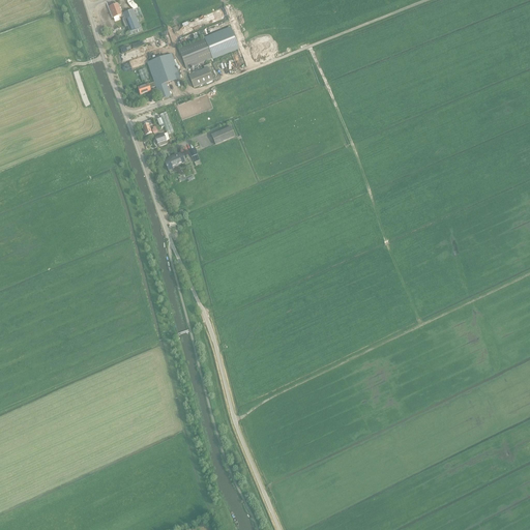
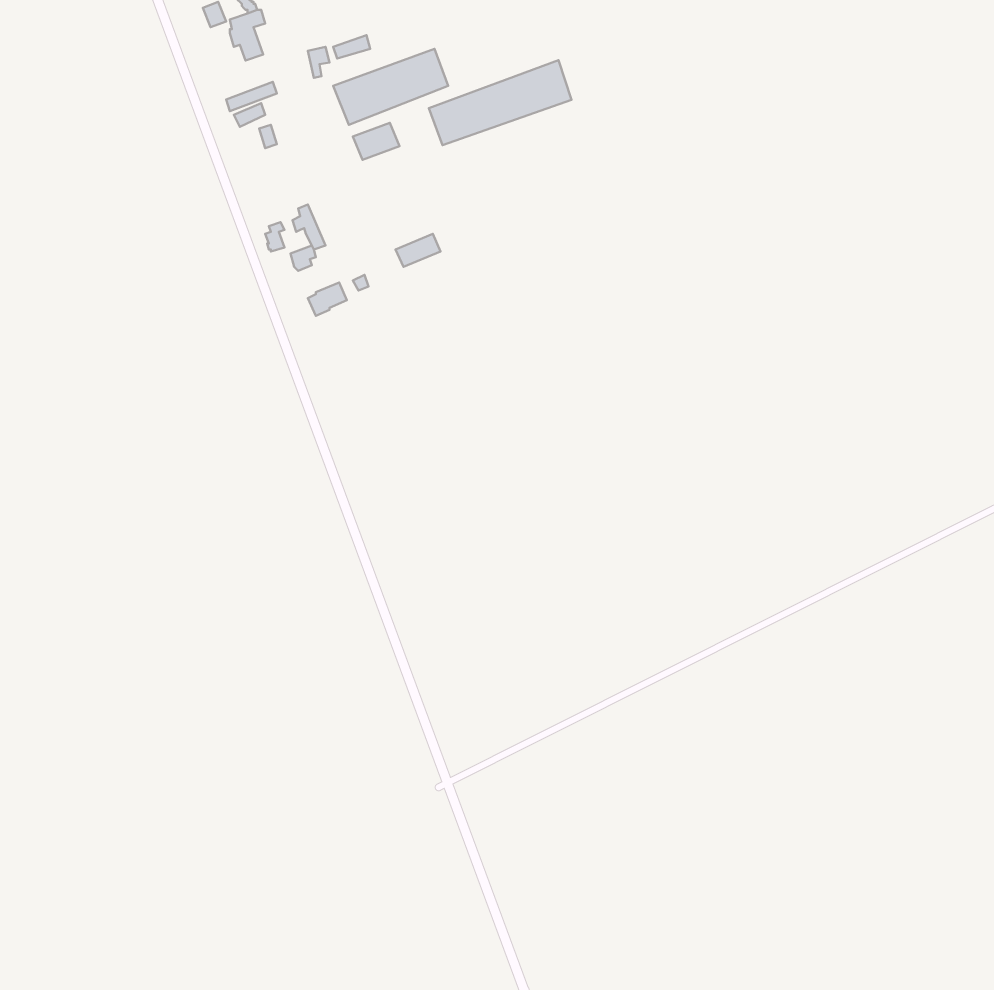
building: none -> [429,60,572,145]
building: [137,52,179,96] -> none

